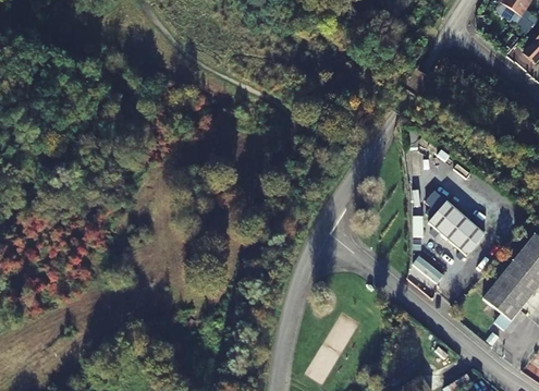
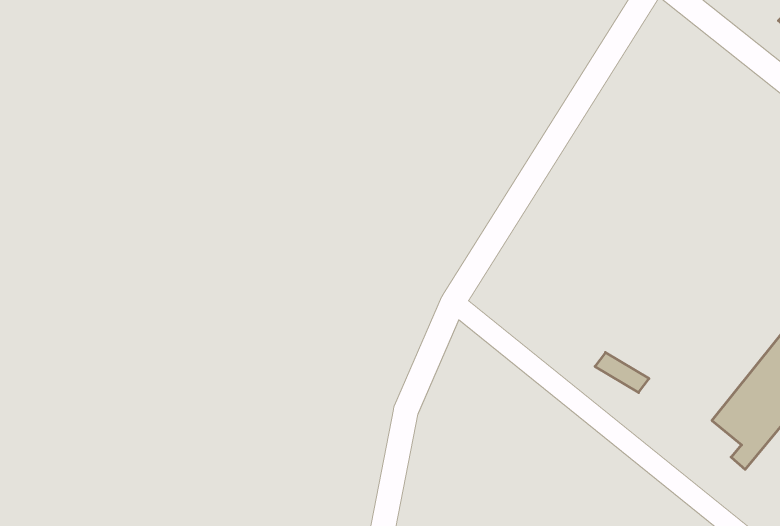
building: [428,201,485,255] -> none

